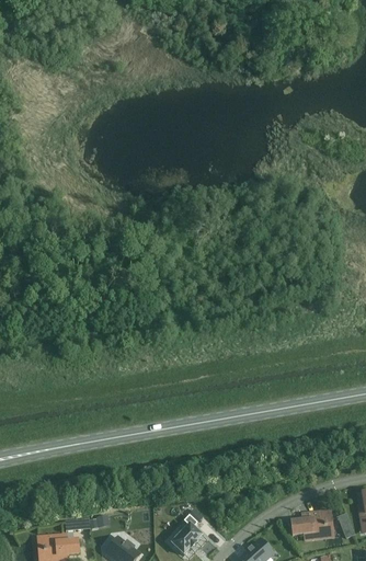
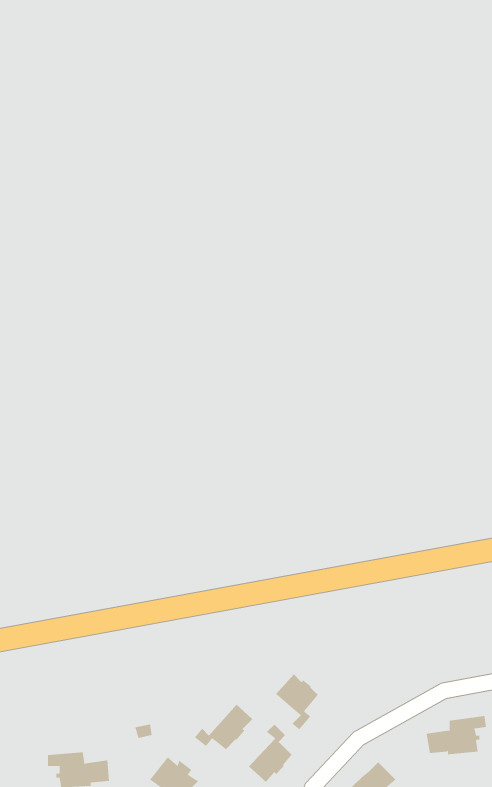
building: none -> [275,674,319,730]
building: none -> [194,704,253,750]

